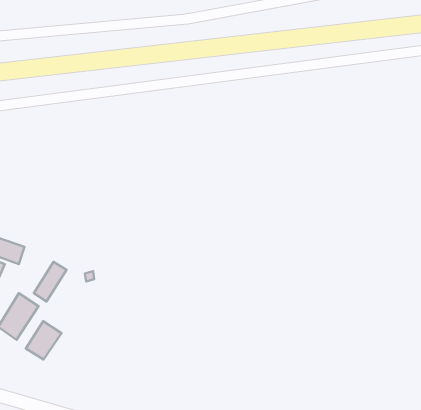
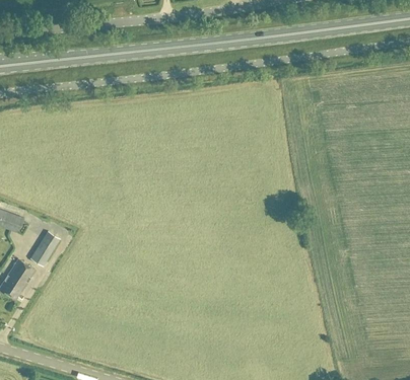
building: [26,321,62,359] -> none

